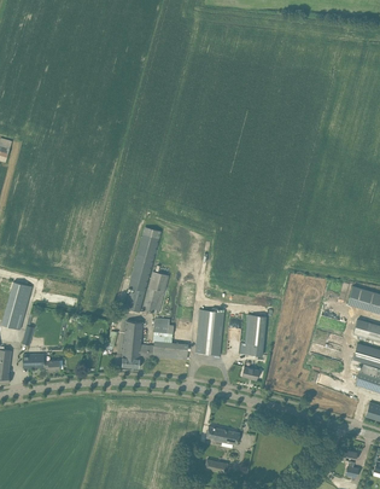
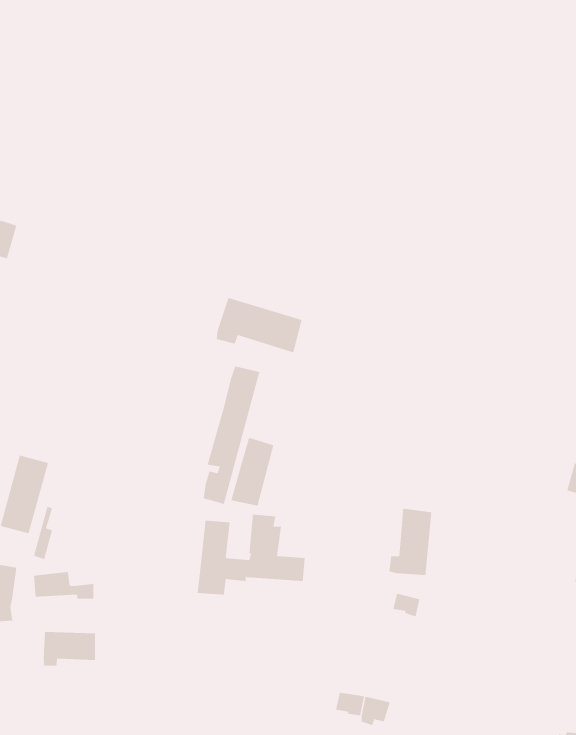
building: none -> [216,297,302,353]
building: [195,309,224,355] -> none
building: none -> [43,631,96,666]

